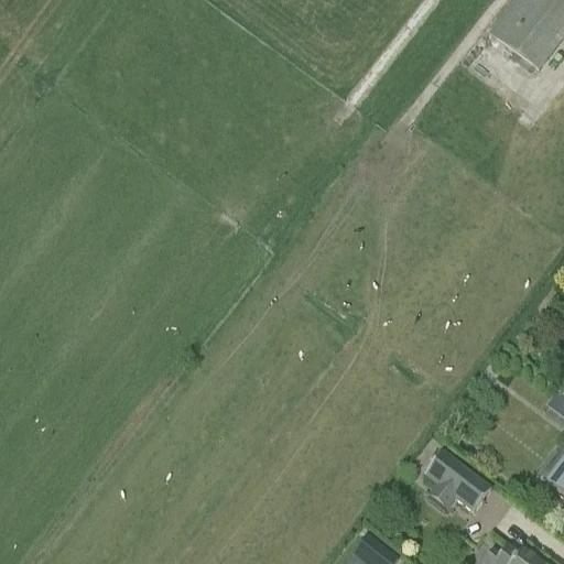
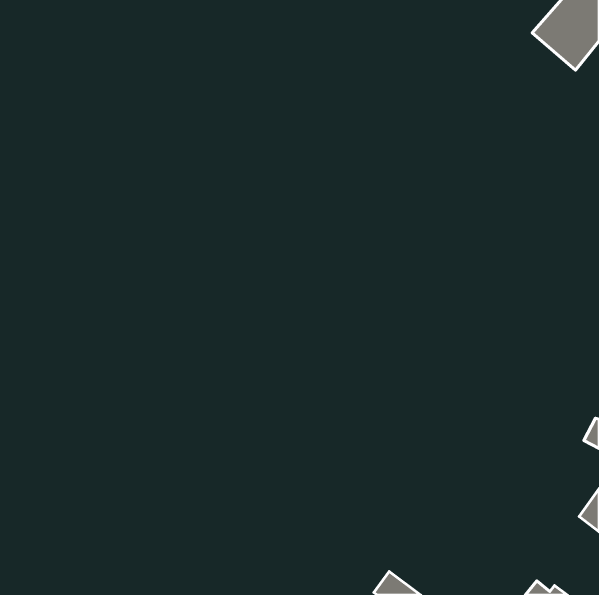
building: [423,454,489,513] -> none

